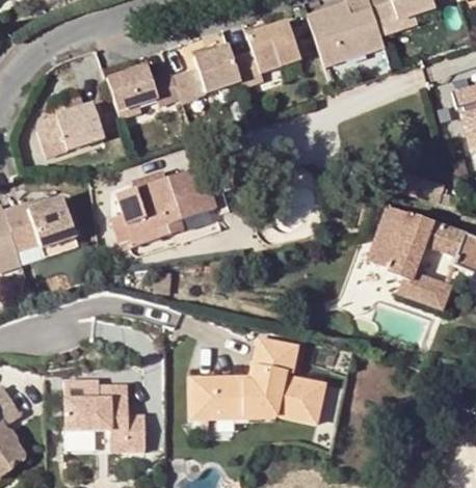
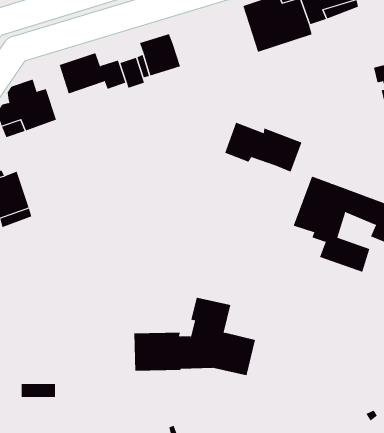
building: [233,21,302,89] -> none
building: none -> [225,122,302,173]
building: [113,163,234,247] -> none
building: [59,380,141,448] -> none

